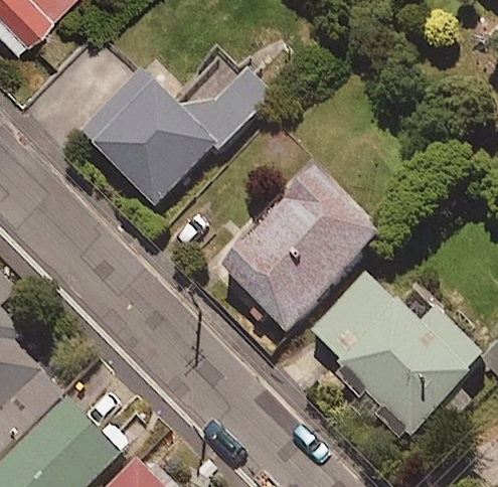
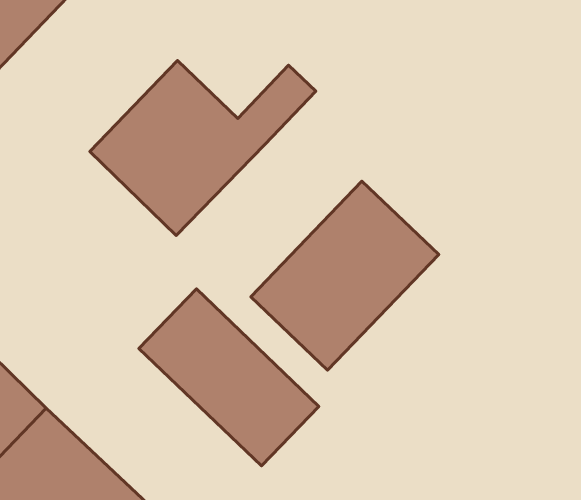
building: none -> [139,289,319,466]
building: [302,271,480,436] -> none

